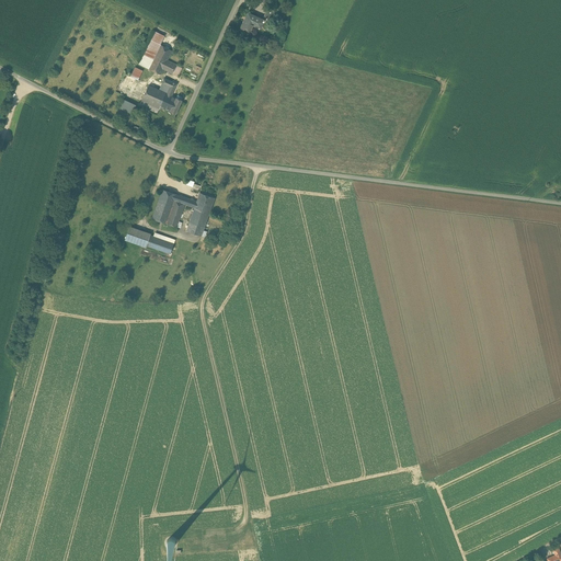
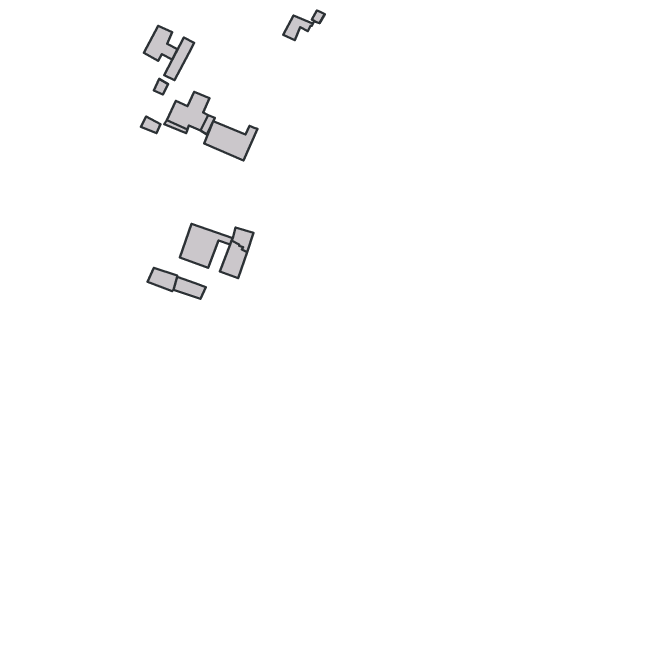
building: [148,45,176,75] -> [144,26,178,61]
building: none -> [204,121,257,161]

